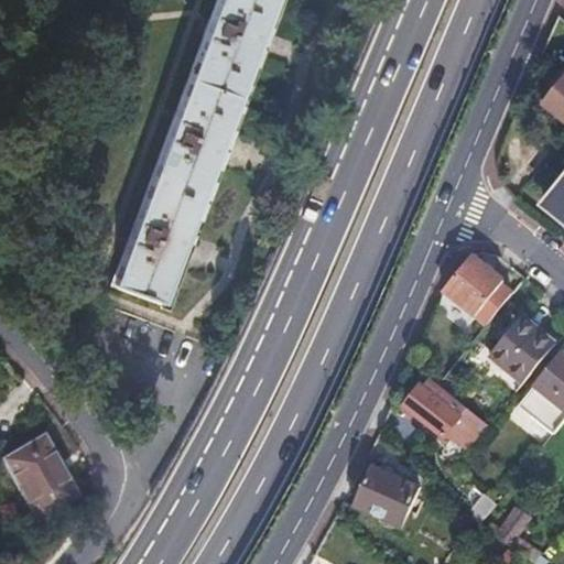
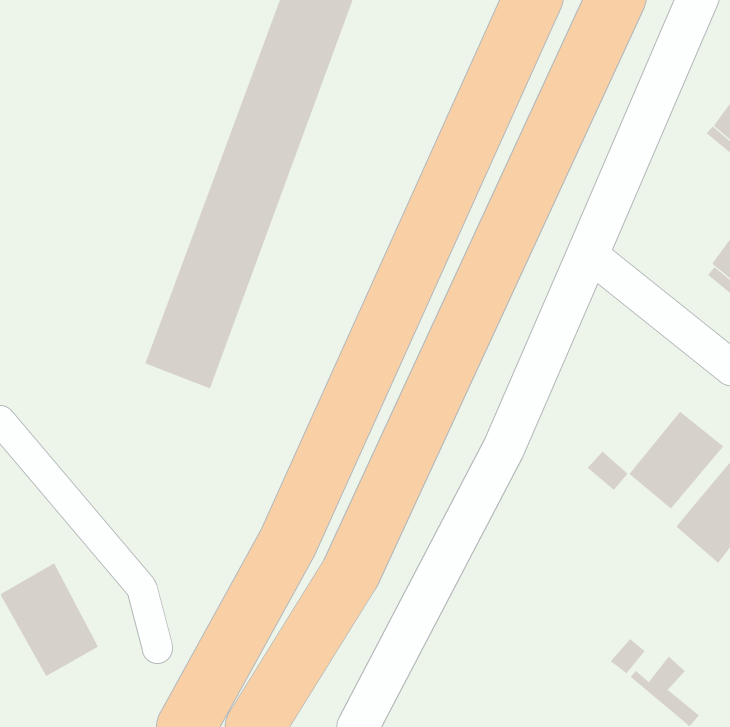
building: [448,259,511,322] -> none
building: [408,380,491,449] -> none
building: [356,464,423,525] -> none

